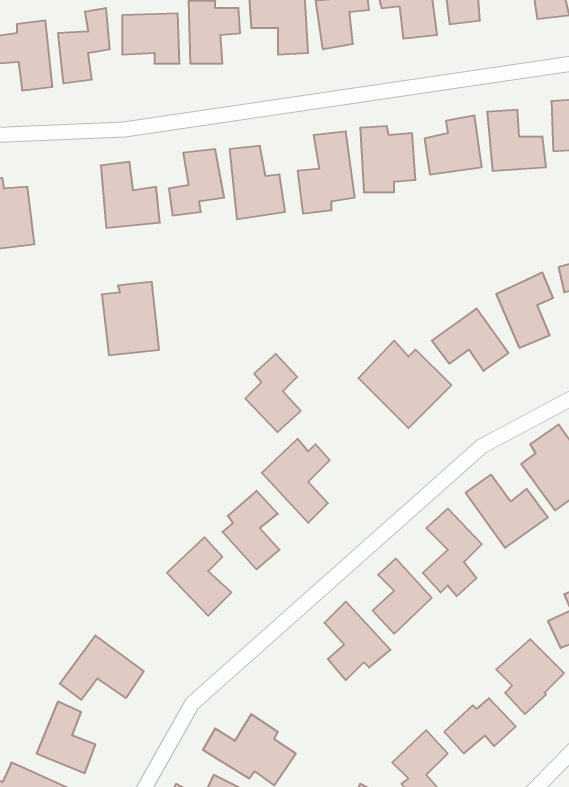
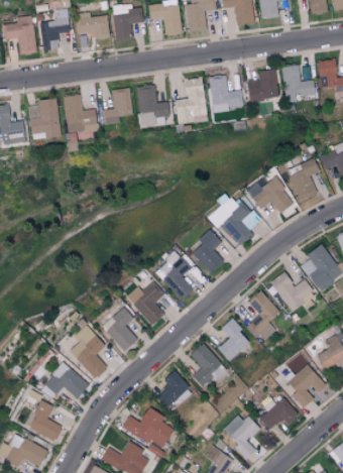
building: [102,282,159,355] -> [29,98,62,139]
building: [245,354,301,432] -> [193,228,224,272]
building: none -> [70,325,107,378]
building: none -> [157,370,194,407]

